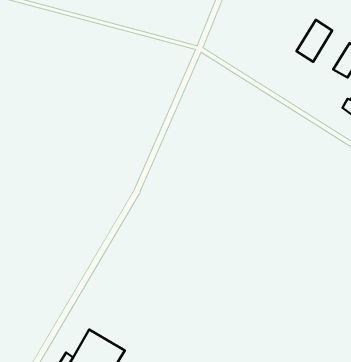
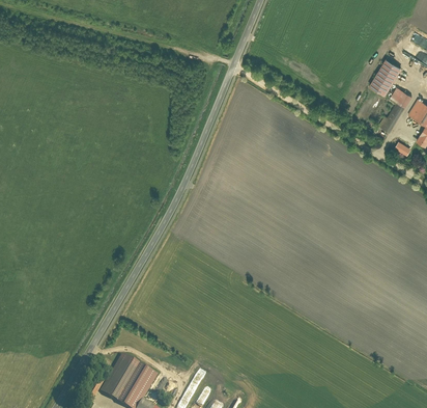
building: [297,20,332,62] -> none

